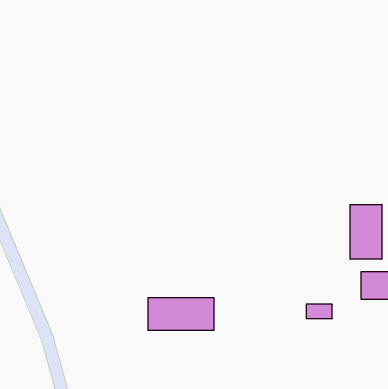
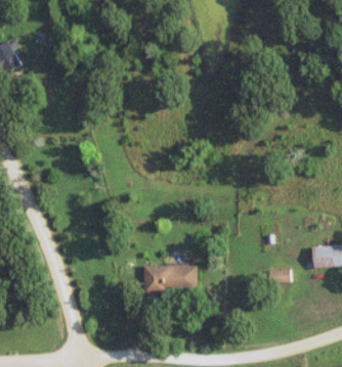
building: [350,204,382,259] -> none

